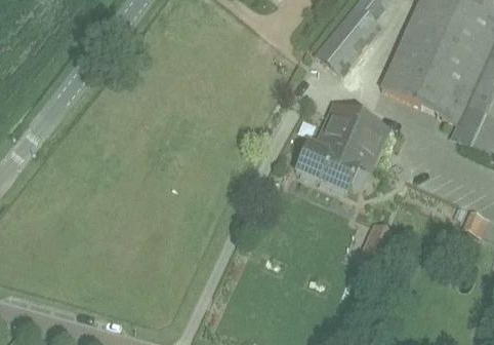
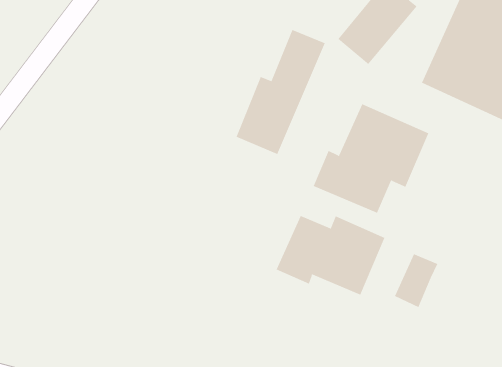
building: none -> [236,29,326,155]
building: none -> [276,215,385,295]

